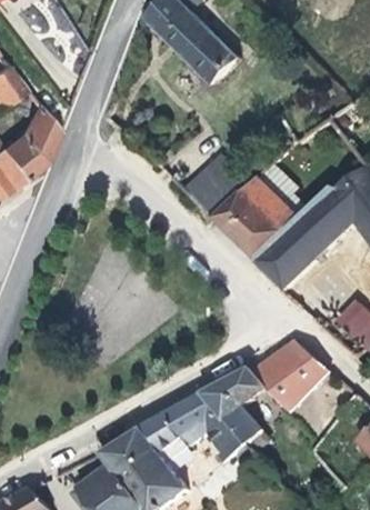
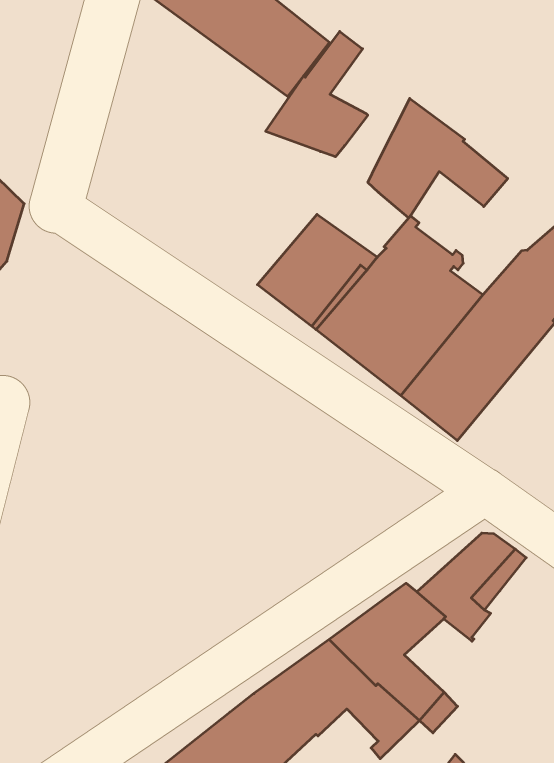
building: none -> [266,31,368,157]
building: none -> [368,98,508,218]

